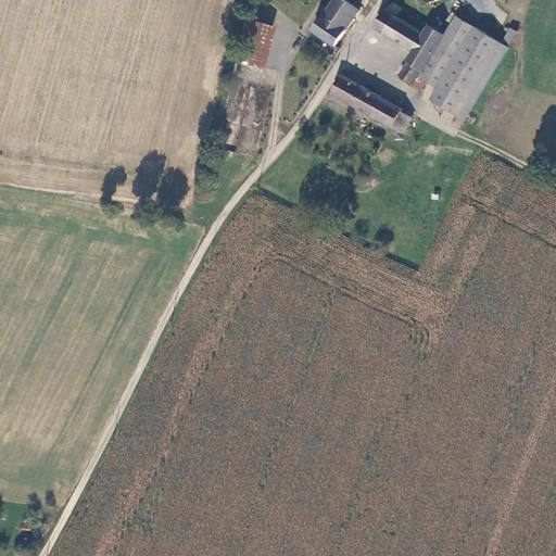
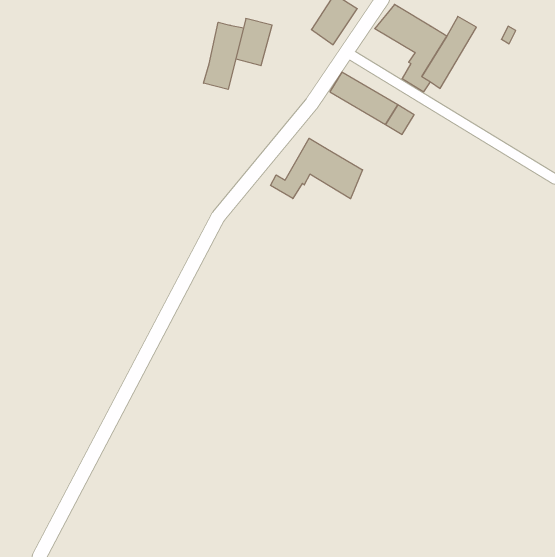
building: none -> [204,22,244,89]
building: [431,27,507,118] -> none
building: none -> [271,138,363,199]

